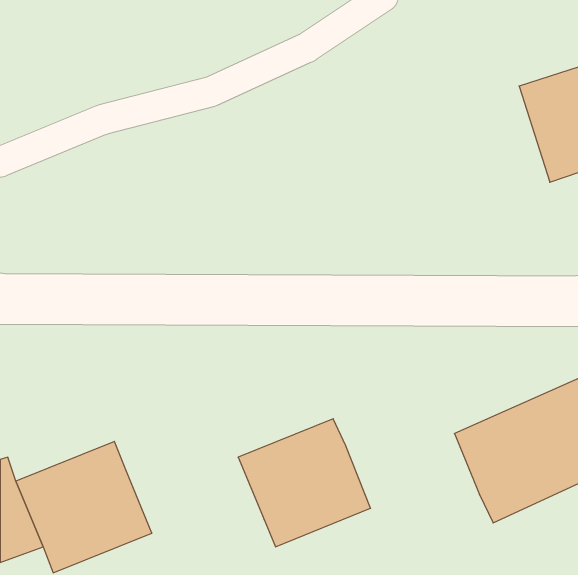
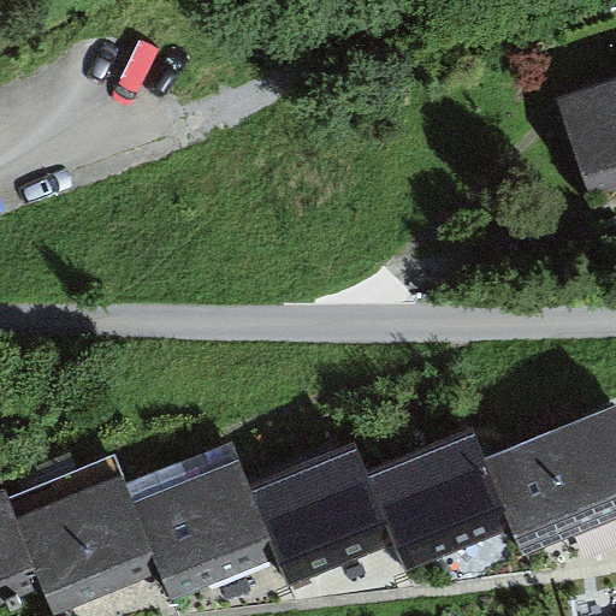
building: none -> [368,431,510,569]
building: none -> [135,456,282,596]

